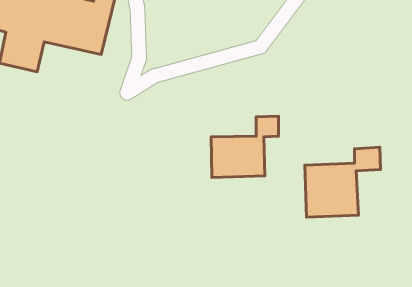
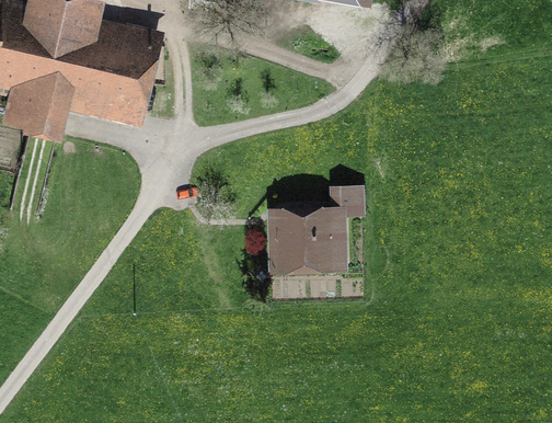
building: [305,147,380,217] -> none

